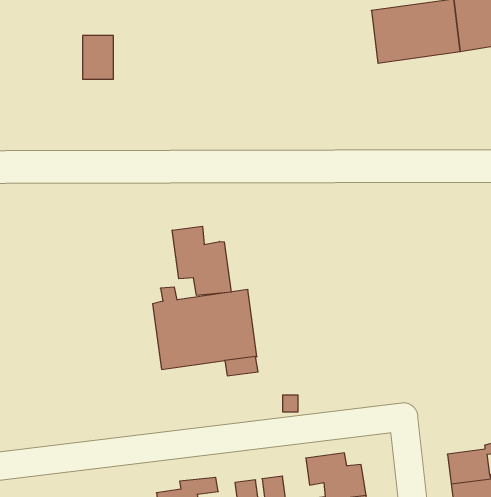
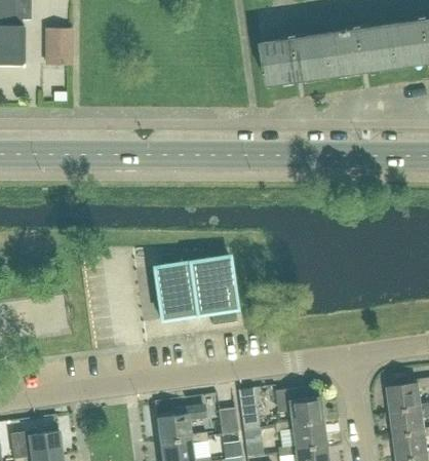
building: none -> [261,33,332,84]
building: [83,36,113,79] -> [46,29,71,64]
building: [172,226,231,295] -> none

